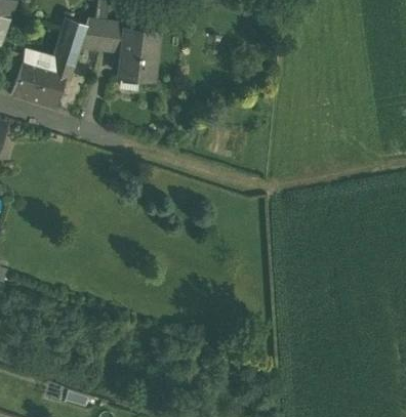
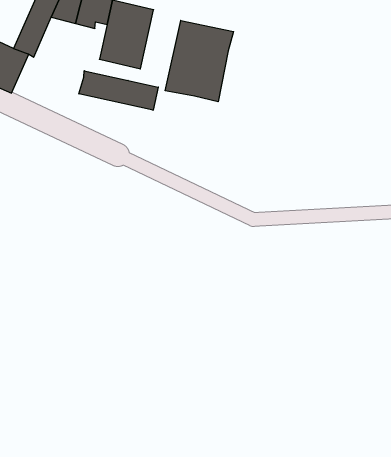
building: none -> [165,20,234,102]
building: none -> [79,71,158,110]

